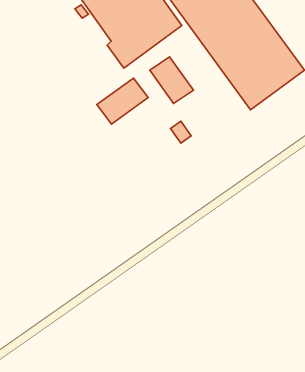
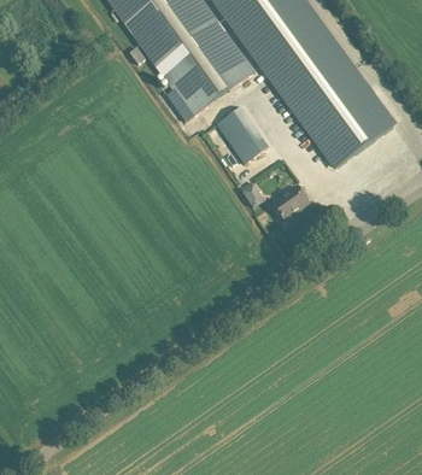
building: [97,78,148,124] -> none
building: none -> [271,183,310,218]

